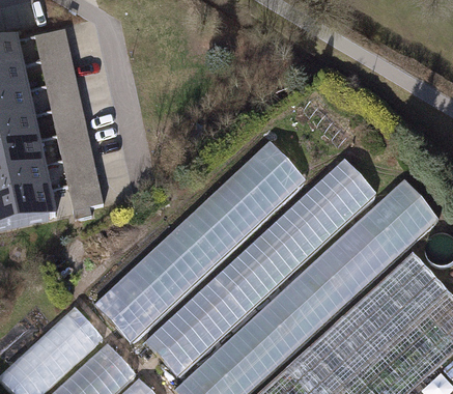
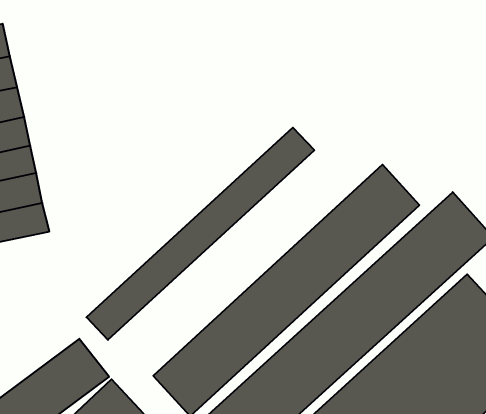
building: [35,29,103,209] -> none
building: [108,150,310,341] -> none

